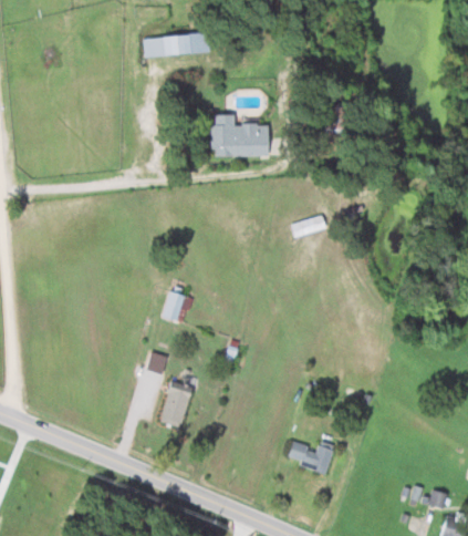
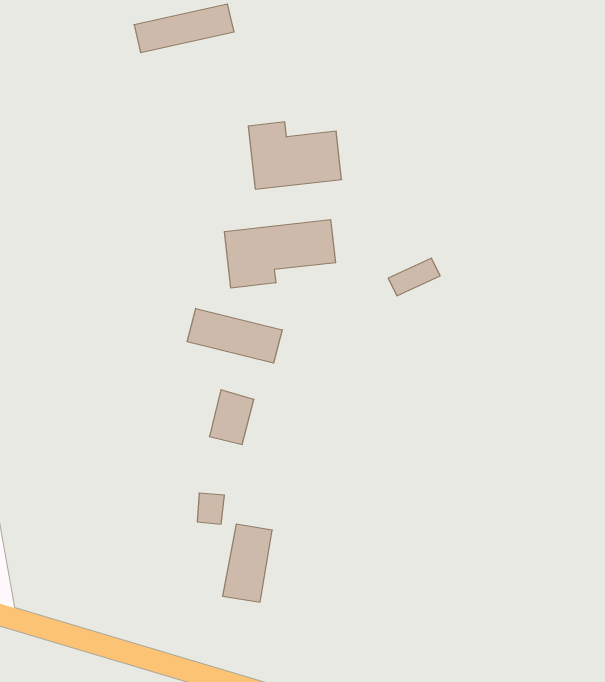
building: none -> [224,220,336,288]
building: none -> [187,308,282,363]
building: [287,441,335,474] -> none

